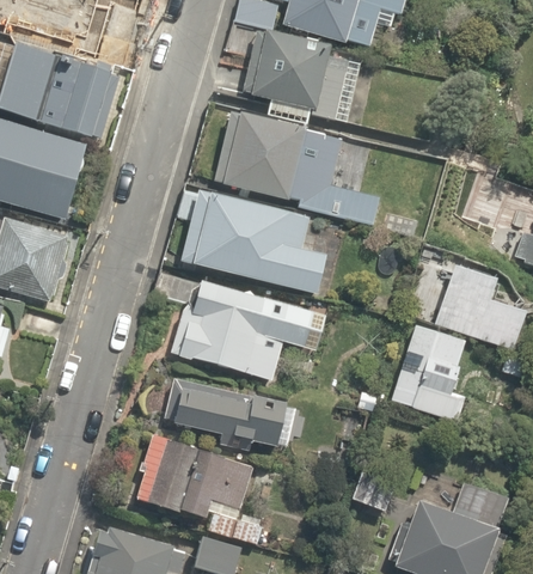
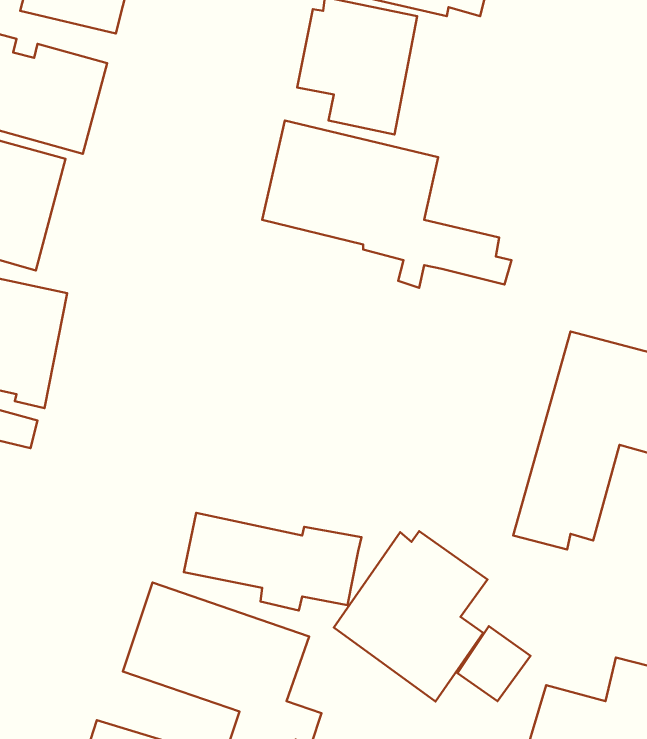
building: [184,194,325,291] -> none
building: [169,271,326,379] -> none
building: none -> [334,531,487,701]

